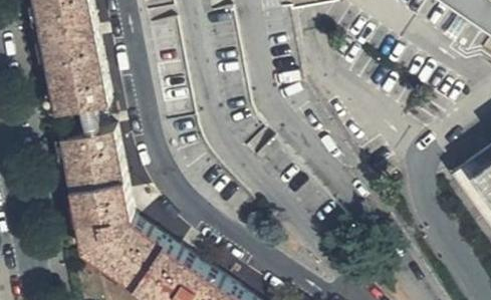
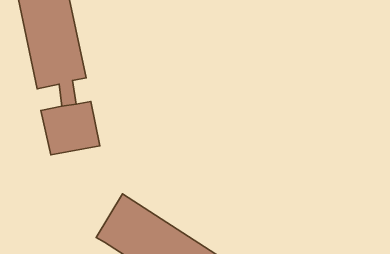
building: [67,176,147,277] -> none

